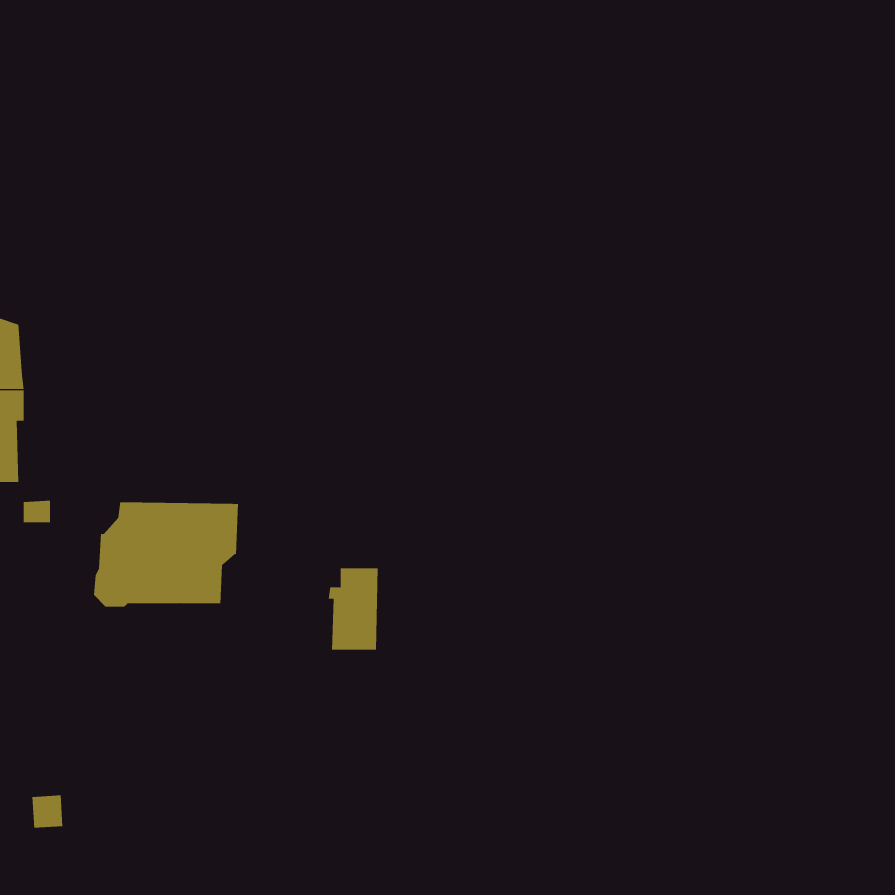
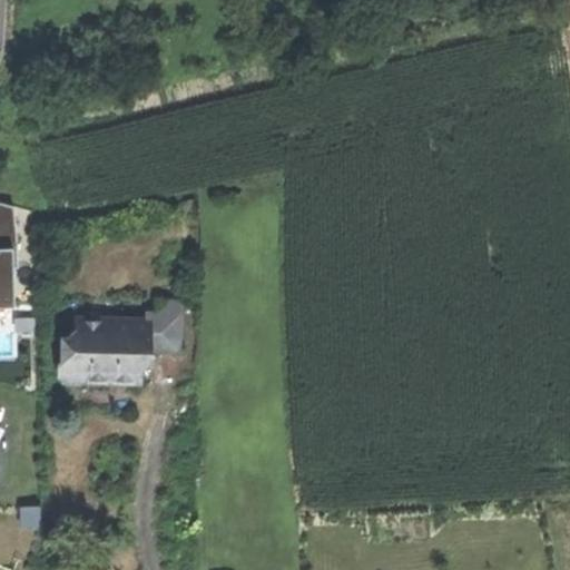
building: [328,568,379,650] -> [148,299,180,352]

